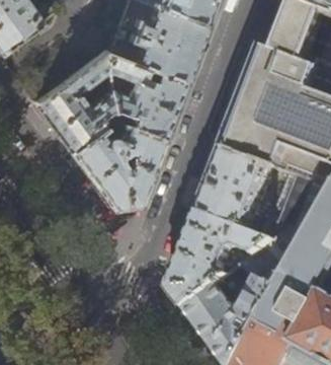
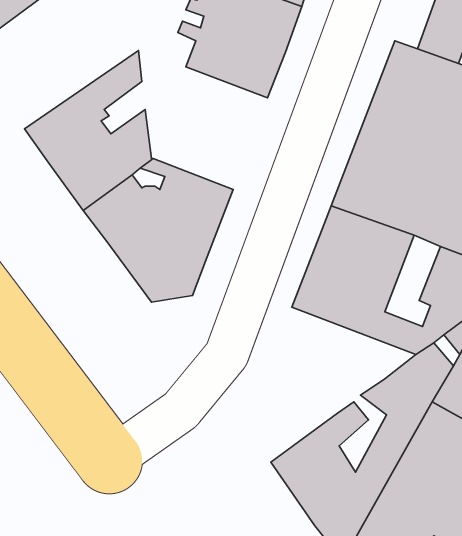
building: [103,50,183,136] -> none
building: [170,209,275,305] -> none

